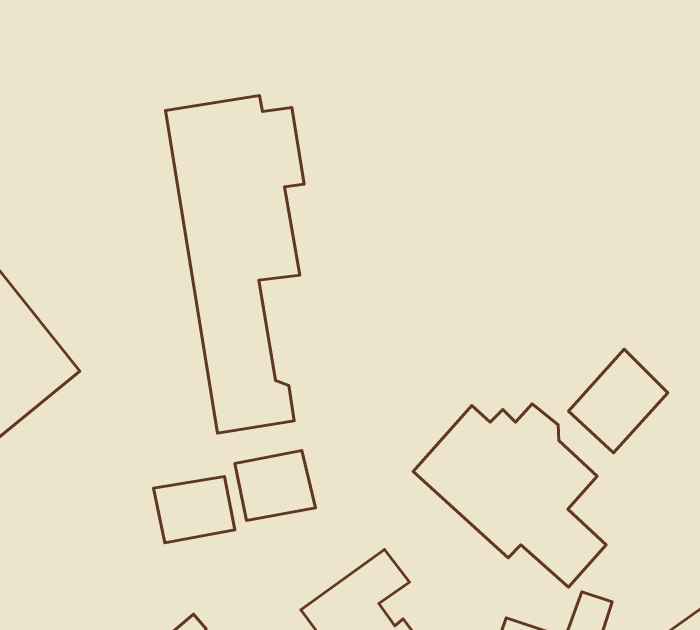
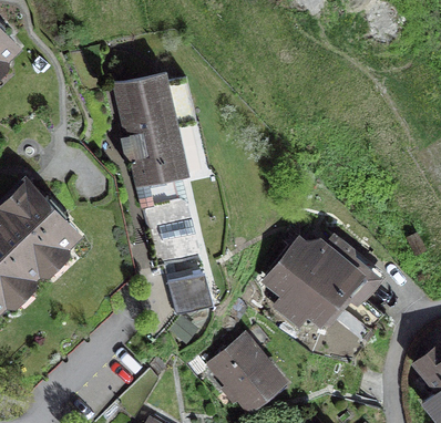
building: [569,349,668,453] -> none
building: [153,476,235,543] -> none

